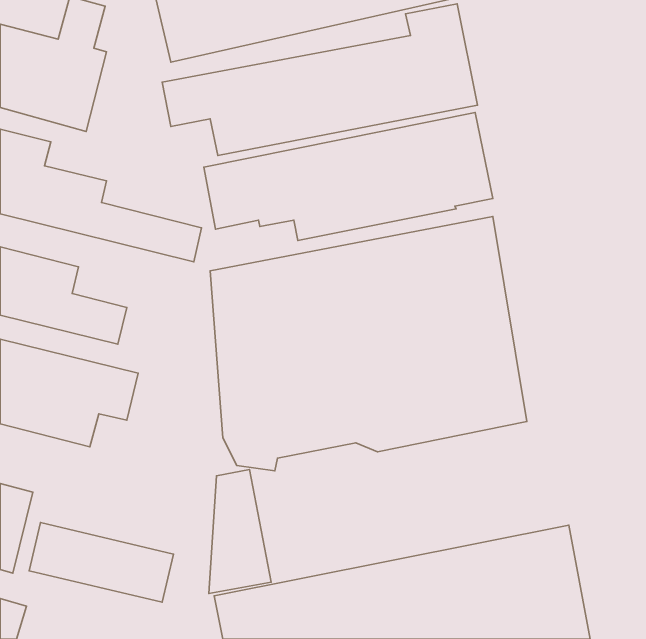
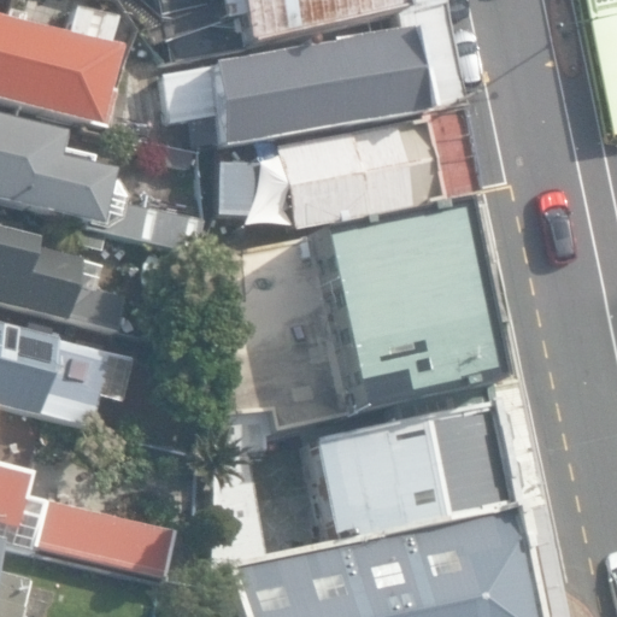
building: none -> [298,407,540,541]

